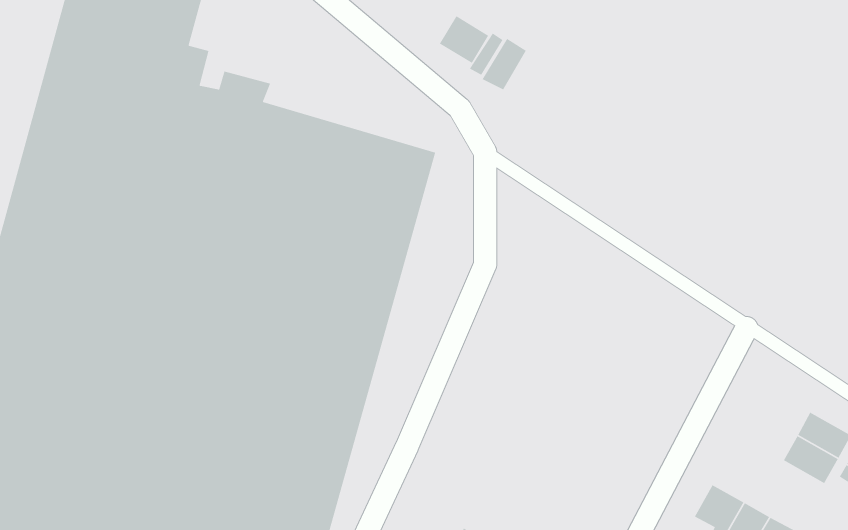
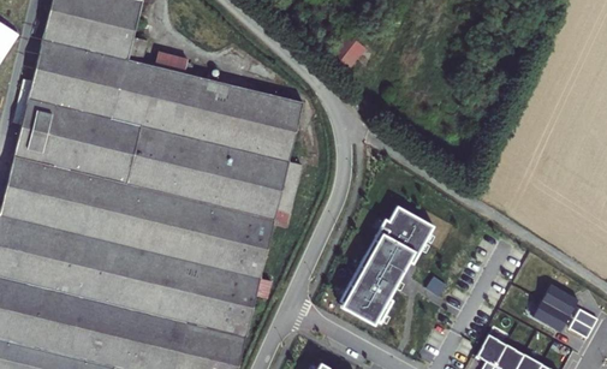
building: [439,15,489,64] -> none
building: none -> [339,207,434,325]

